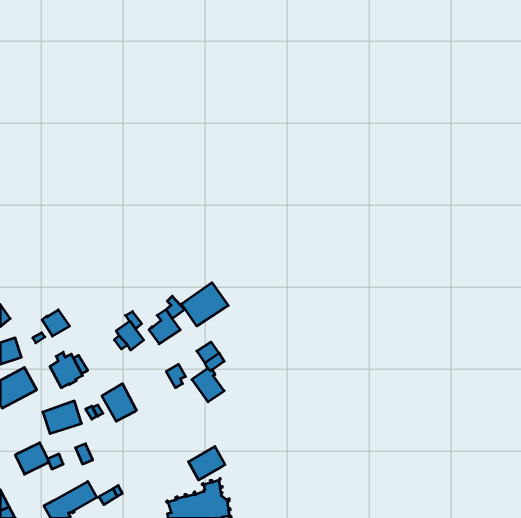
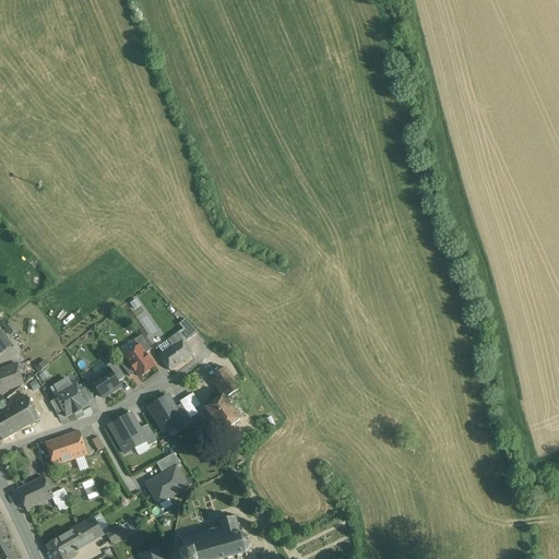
building: [182,283,228,326] -> none
building: [42,310,70,336] -> [92,368,121,396]
building: none -> [148,394,183,430]
building: [188,446,225,480] -> [147,466,187,502]

